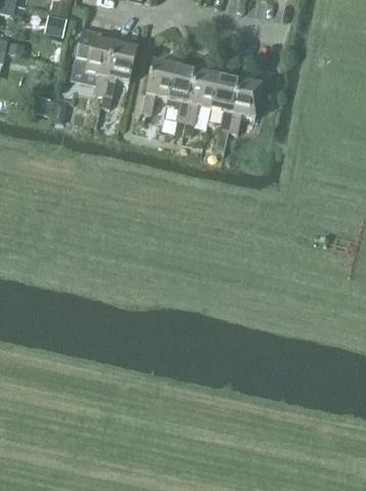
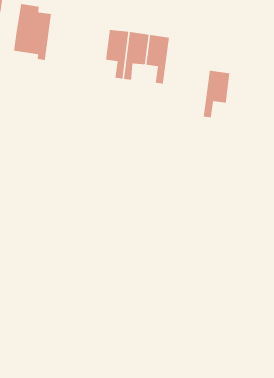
building: [104,41,137,93] -> none
building: [142,58,176,110] -> none
building: [229,78,263,130] -> [203,70,230,118]

